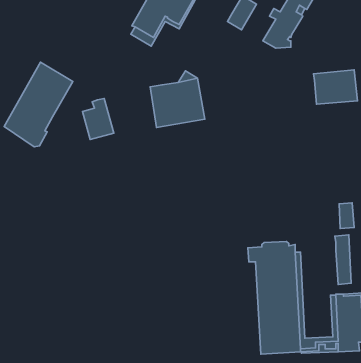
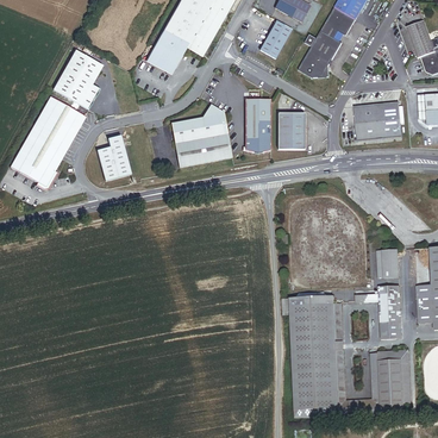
building: none -> [54,48,102,107]
building: none -> [244,96,269,148]
building: none -> [276,111,304,148]

